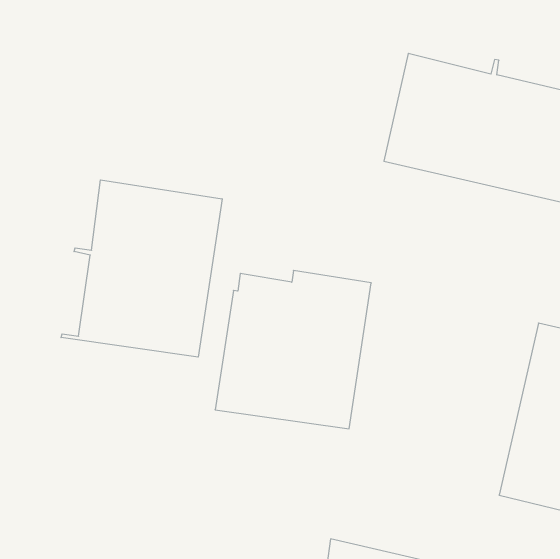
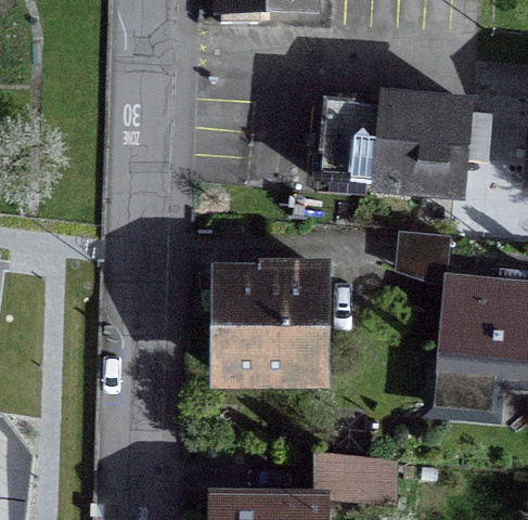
building: [61,180,222,357] -> none

